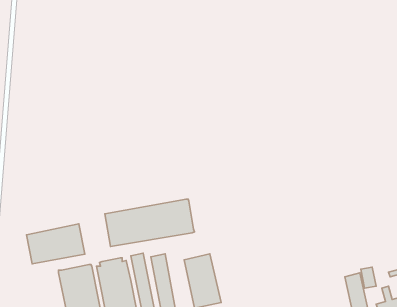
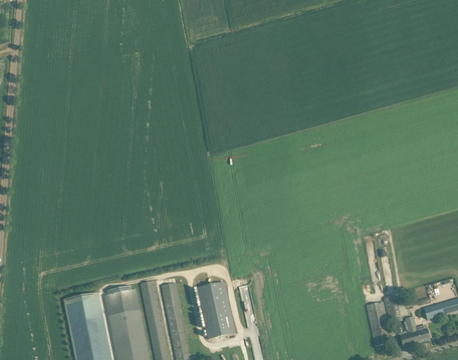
building: [105,199,194,246] -> none
building: [26,224,85,264] -> none

